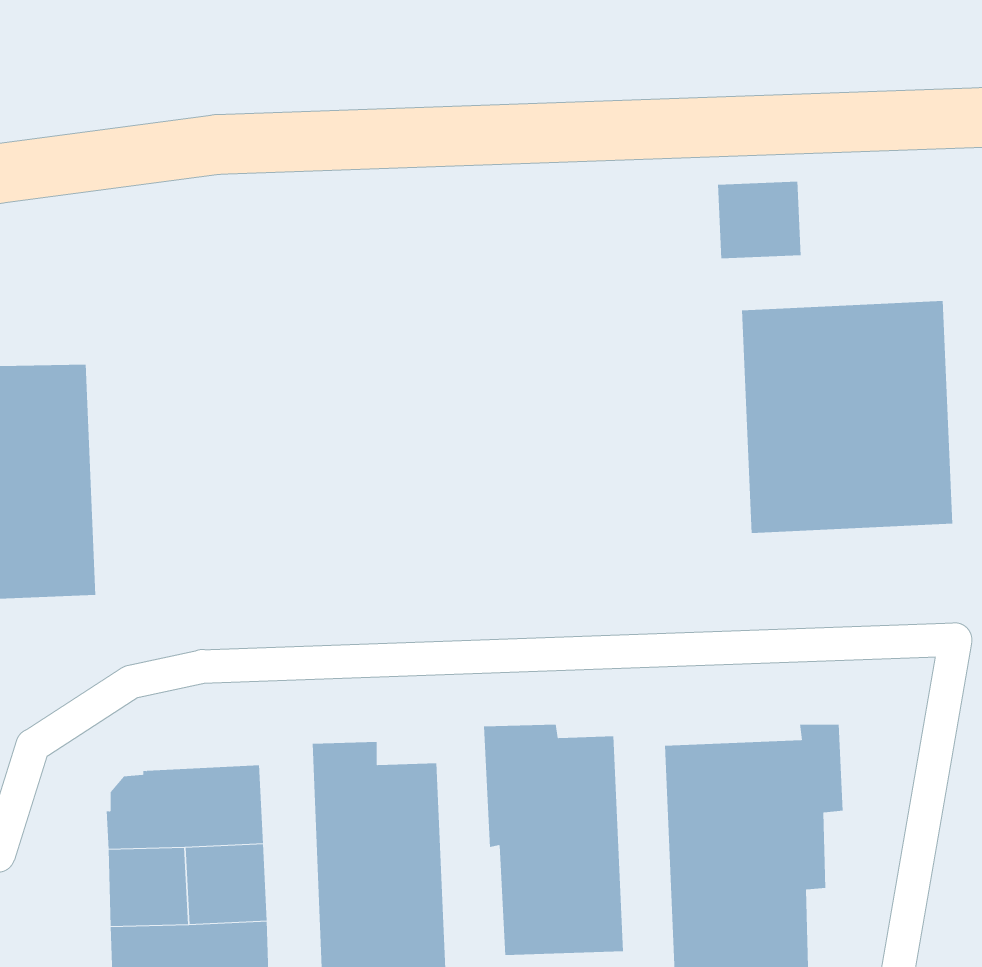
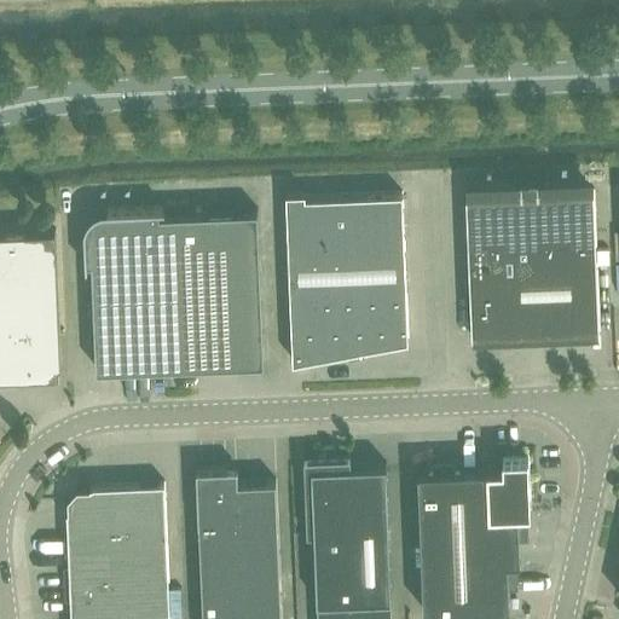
building: [718,181,801,259] -> none
building: none -> [285,202,407,371]
building: none -> [83,216,264,378]

